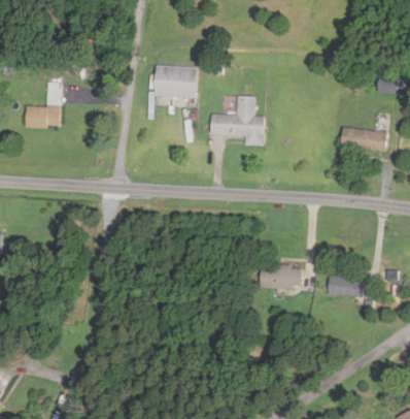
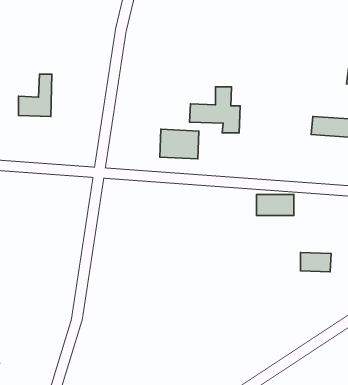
building: [155,66,197,98] -> [160,129,199,159]
building: [262,265,302,288] -> [256,195,294,216]

